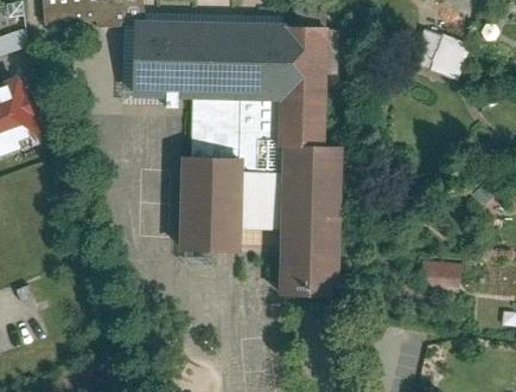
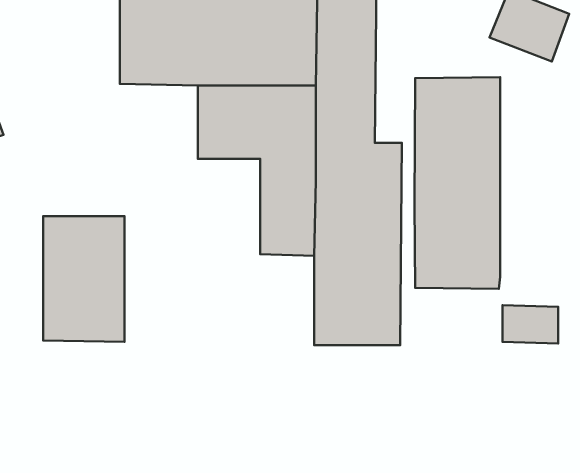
building: none -> [414,77,500,289]
building: [178,153,238,246] -> [43,216,125,342]

